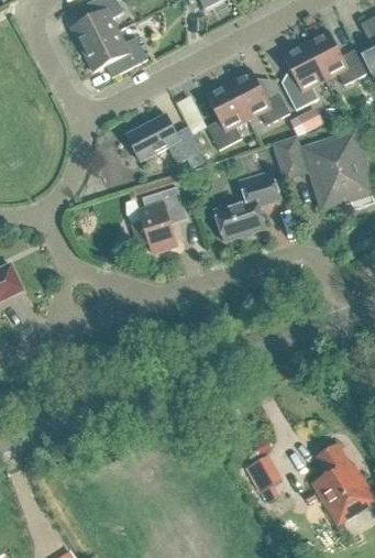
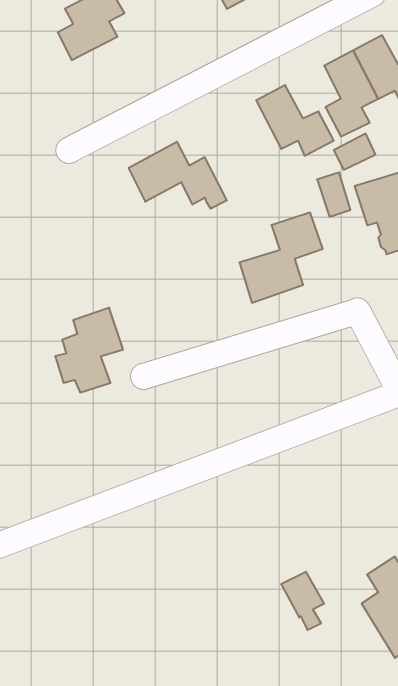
building: [81,30,147,77] -> none
building: [205,80,247,150] -> none
building: [133,185,187,252] -> [55,308,123,392]

